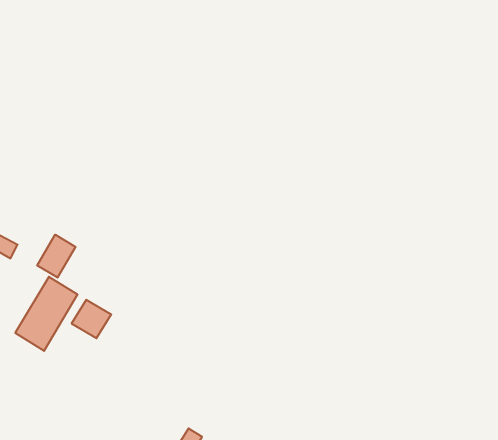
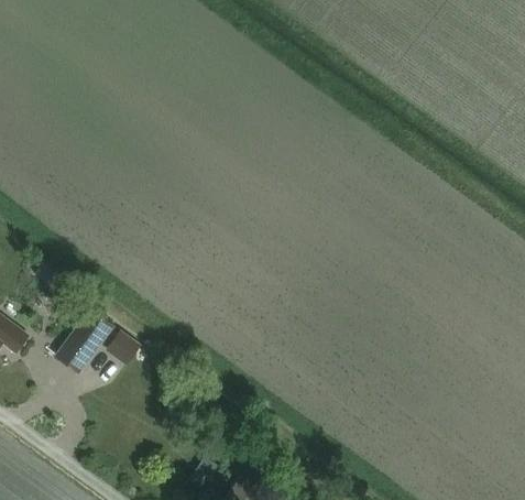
building: [37,235,75,278] -> none

